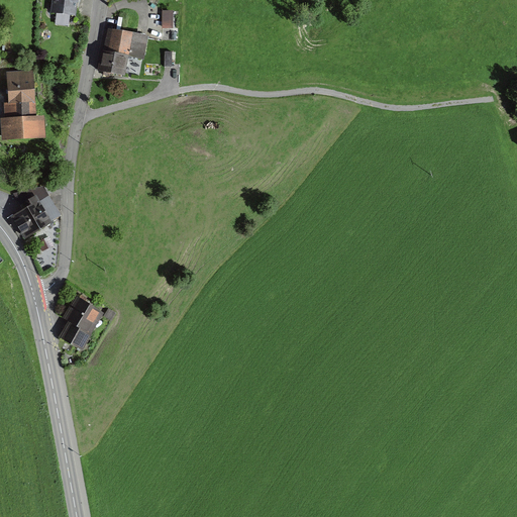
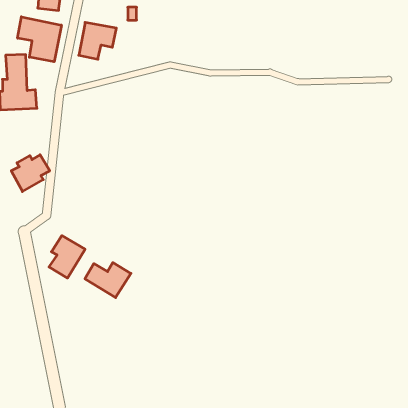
building: none -> [18,17,61,62]
building: none -> [85,263,131,298]

